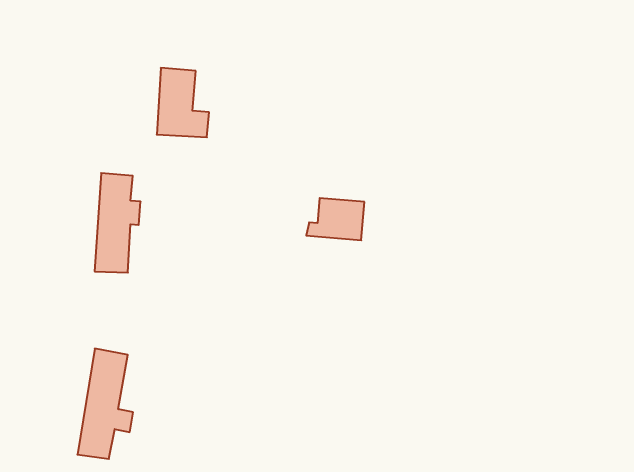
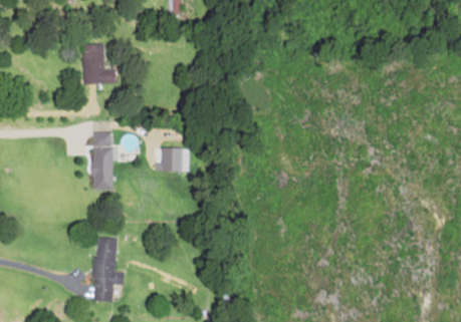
building: [157,68,209,137] -> [82,44,113,84]
building: [306,198,364,240] -> [155,147,188,171]

